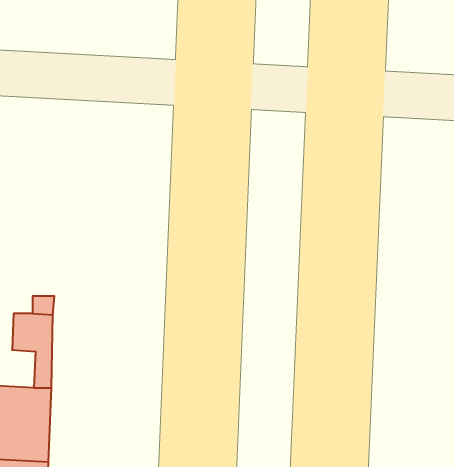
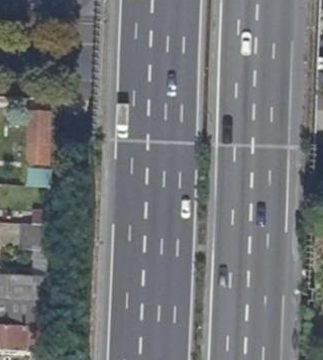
building: none -> [22,111,47,162]

